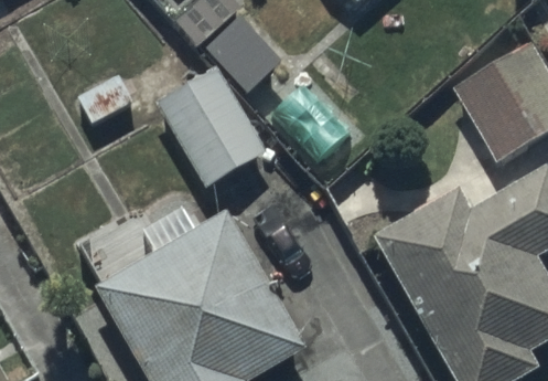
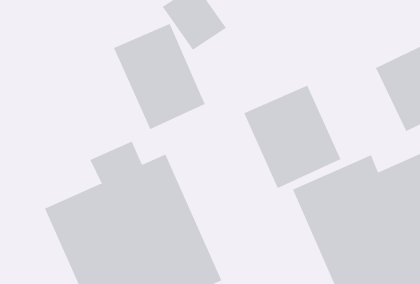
building: none -> [244,85,341,189]

